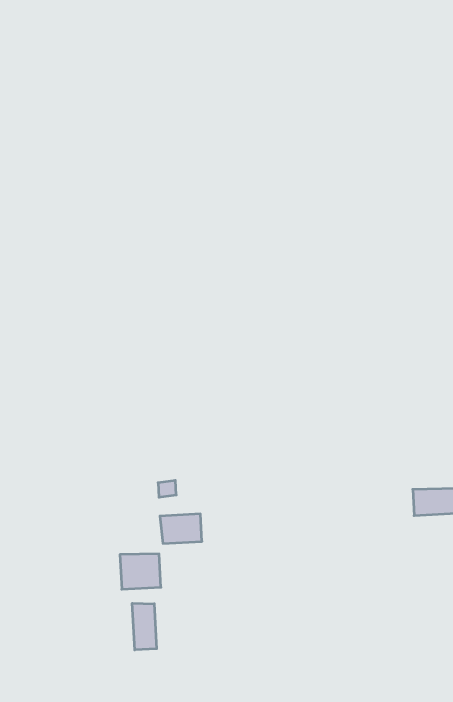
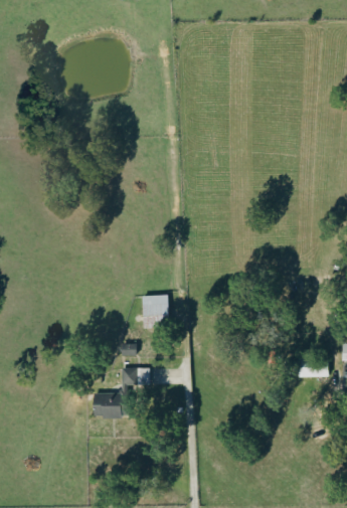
building: none -> [142,295,168,317]
building: [132,603,157,650] -> none

